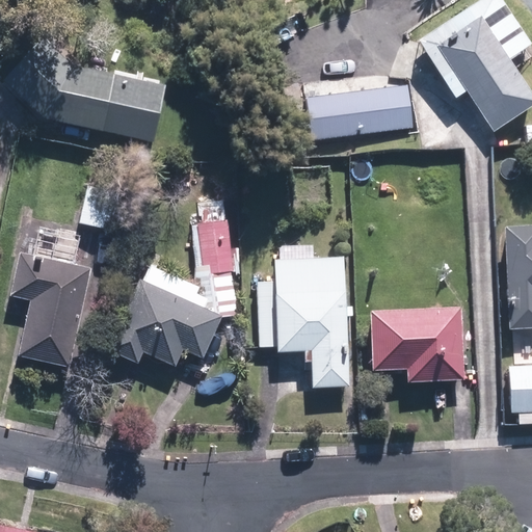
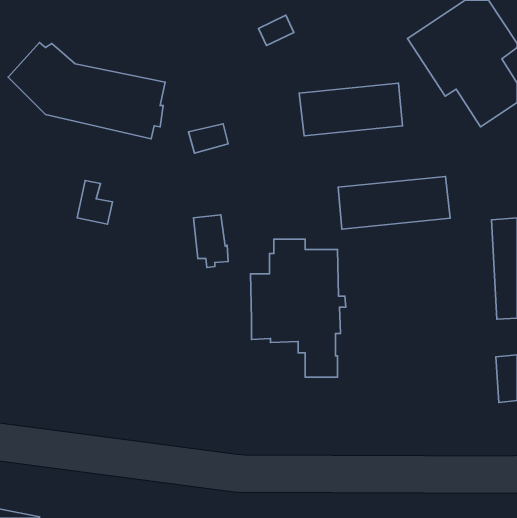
building: none -> [338,176,450,229]
building: [11,252,92,366] -> none
building: [111,263,224,366] -> none
building: [371,305,463,381] -> none

